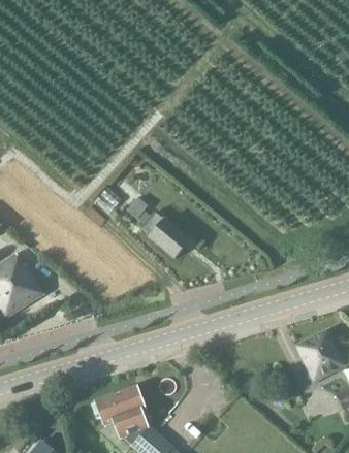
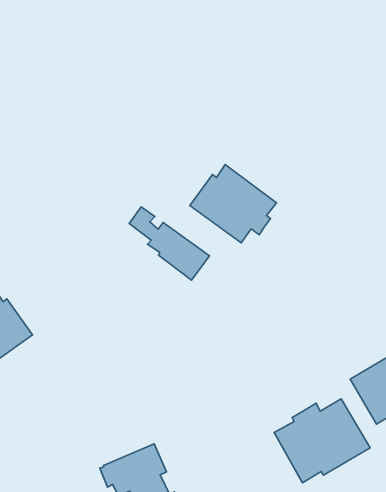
building: none -> [190,164,277,243]
building: none -> [274,399,370,483]

